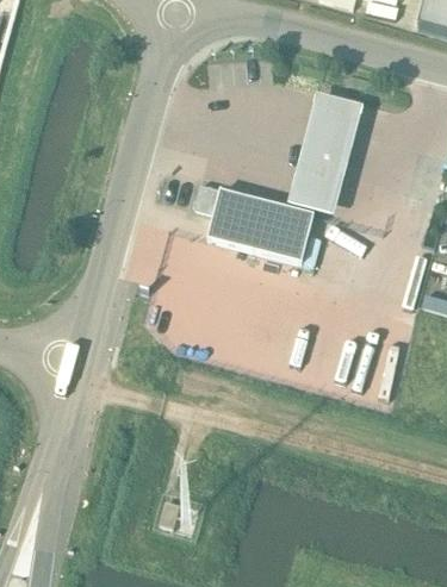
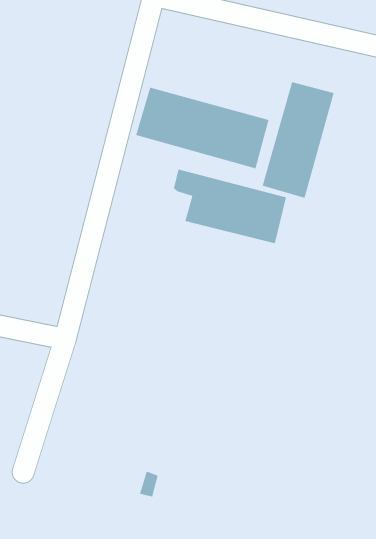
building: none -> [135,87,269,169]

